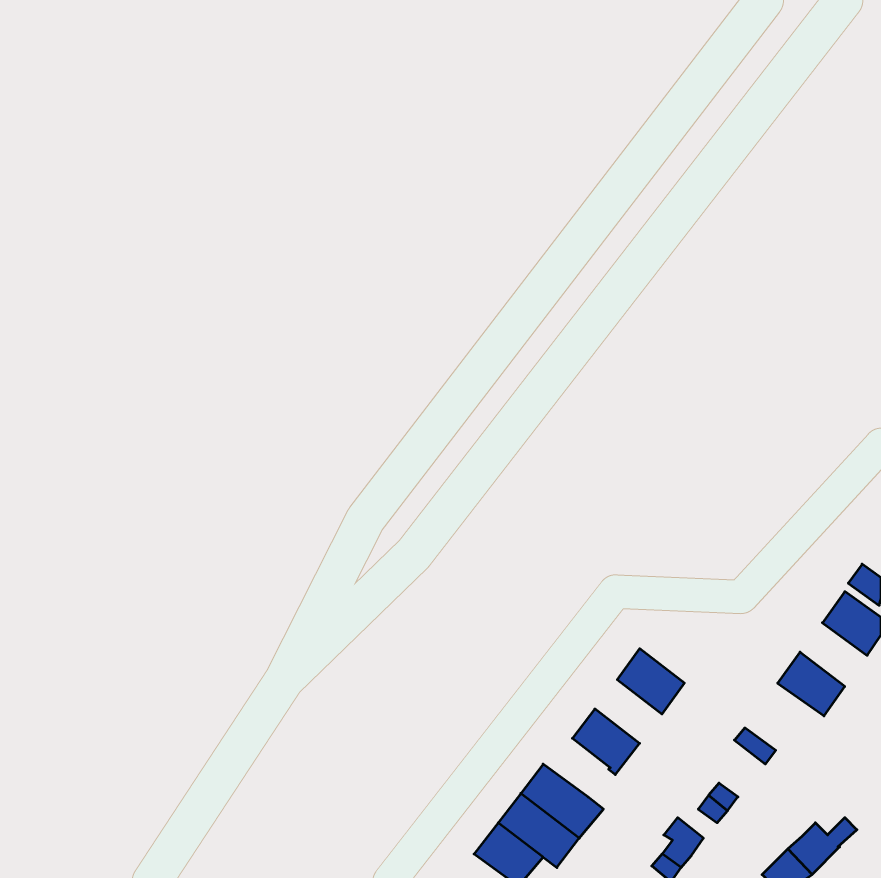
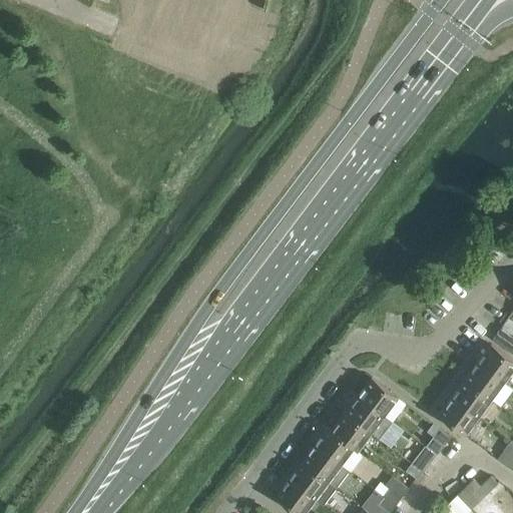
building: none -> [465,364,504,401]
building: none -> [346,397,392,440]
building: none -> [439,399,479,436]
building: none -> [316,428,355,465]

